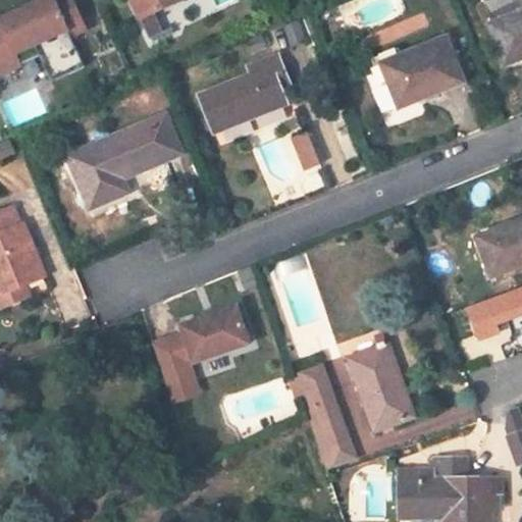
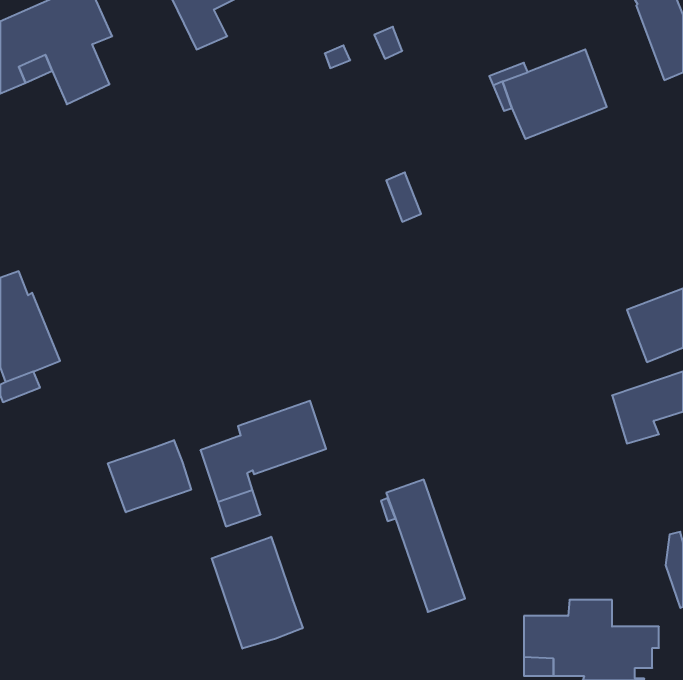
building: [202,55,291,130] -> none
building: [69,114,182,208] -> none
building: none -> [108,440,191,512]
building: [350,344,415,429] -> none
building: none -> [212,537,303,649]

